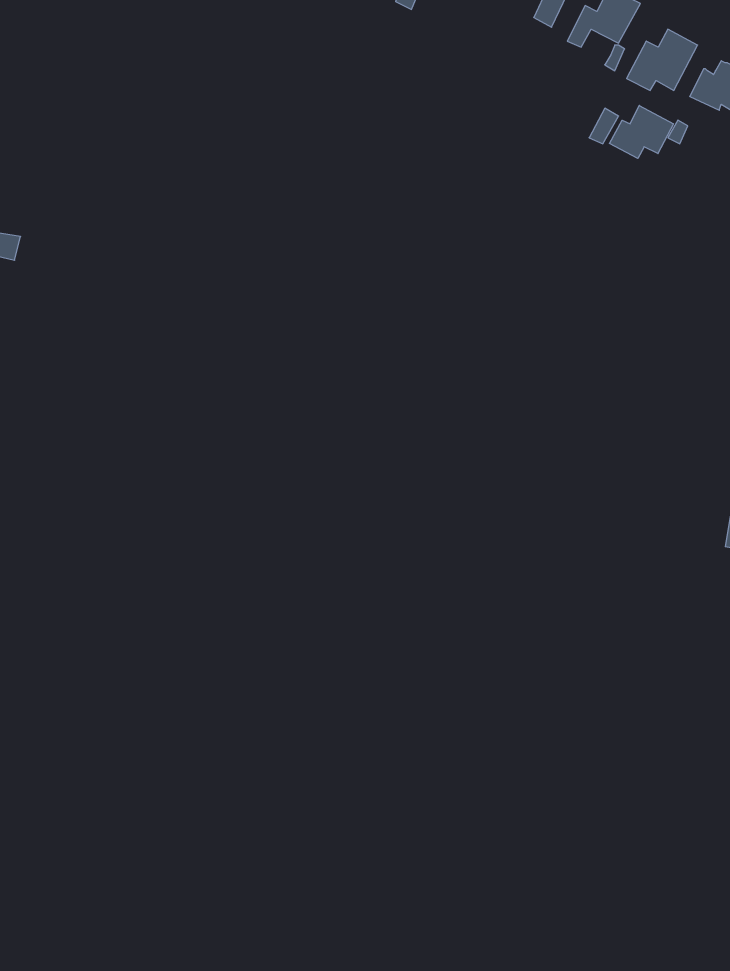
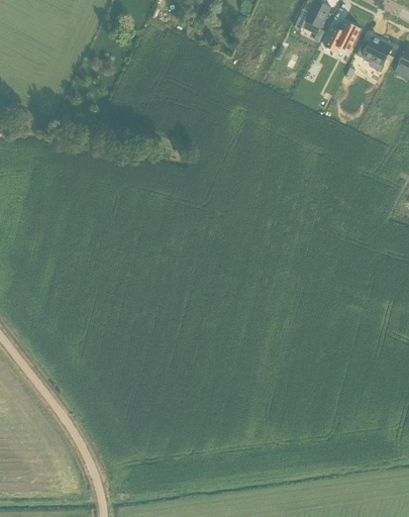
building: [609,105,673,158] -> none

